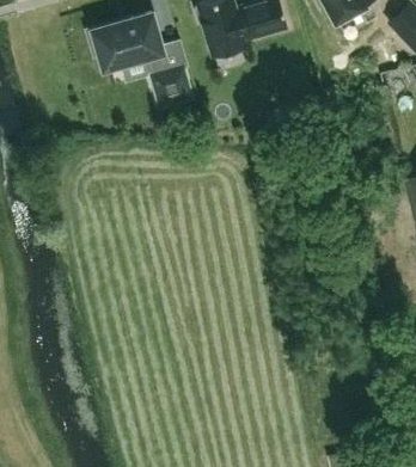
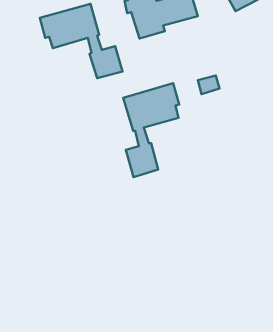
building: none -> [123,83,179,177]

